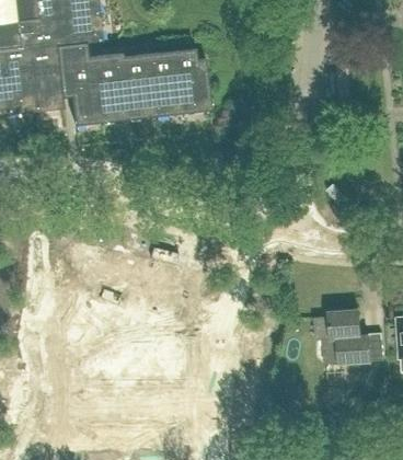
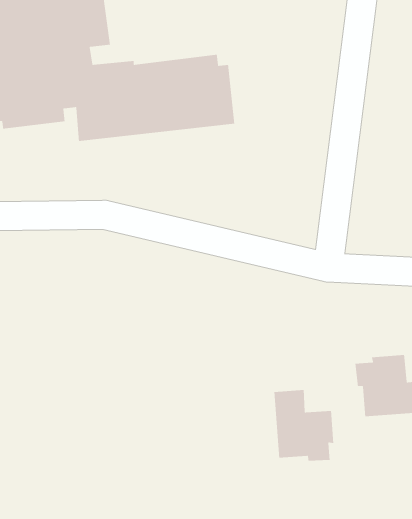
building: none -> [273,389,334,461]

